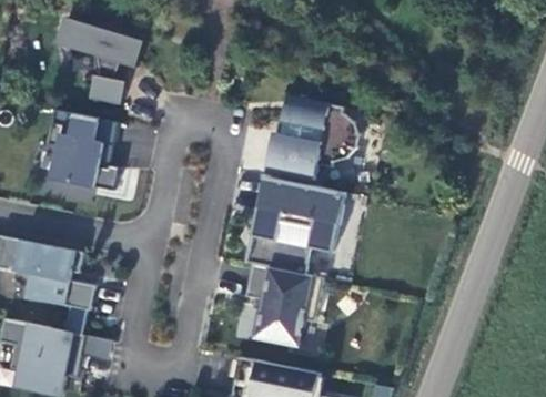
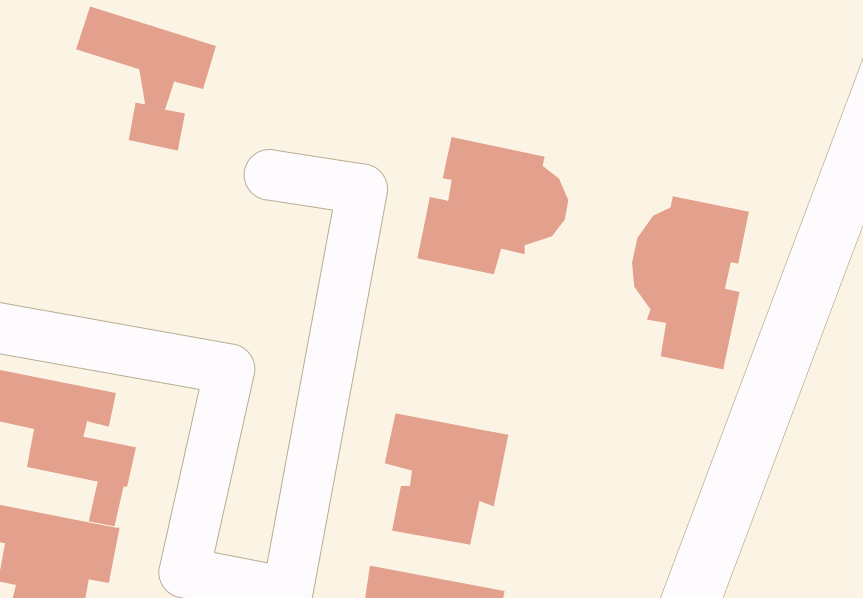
building: [46,111,119,192] -> none
building: none -> [632,195,750,370]
building: [245,176,344,275] -> none

